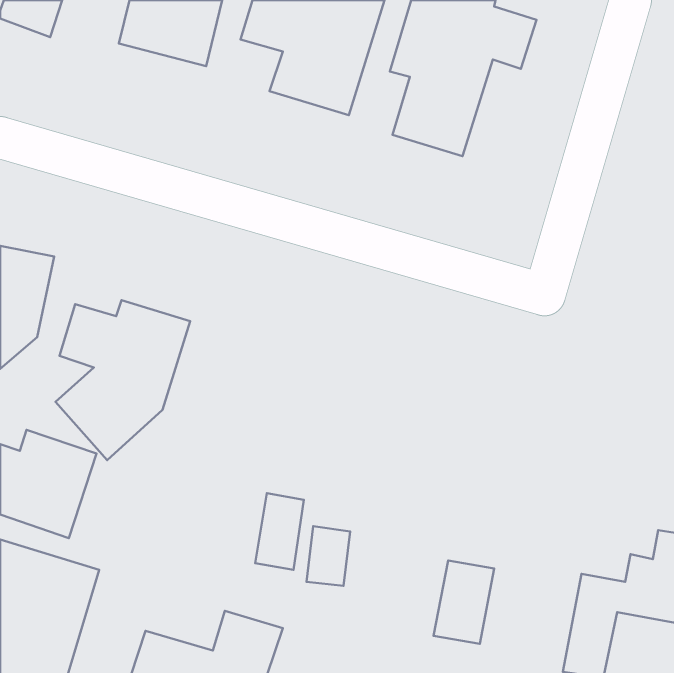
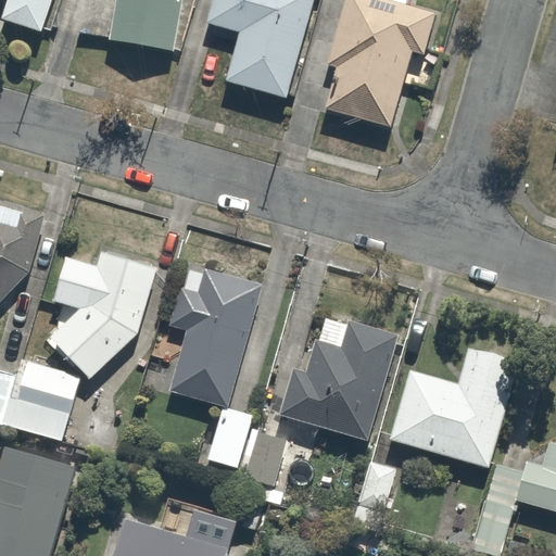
building: none -> [163,269,249,400]
building: none -> [278,318,393,432]
building: none -> [384,336,529,469]

